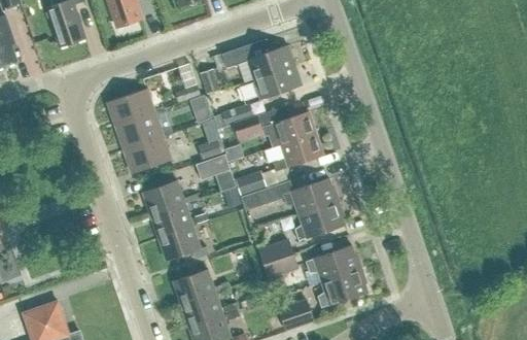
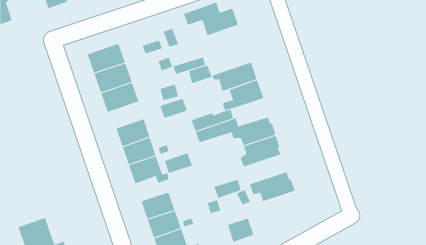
building: [254,66,301,100] -> none
building: [257,238,292,264] -> [164,152,193,173]
building: [318,269,368,308] -> none

